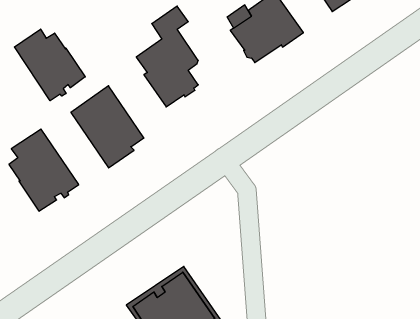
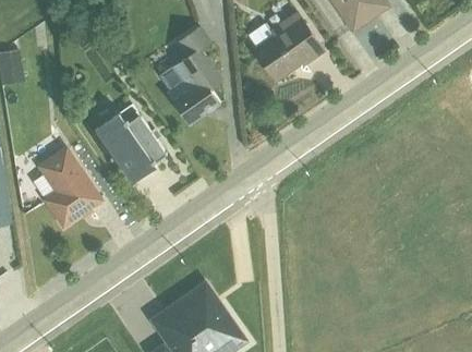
building: [14,29,85,101] -> none

